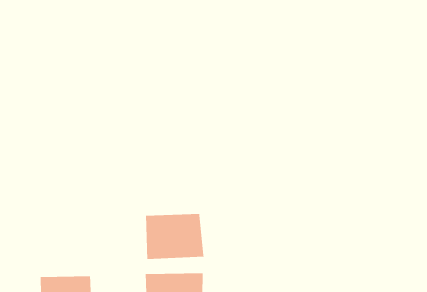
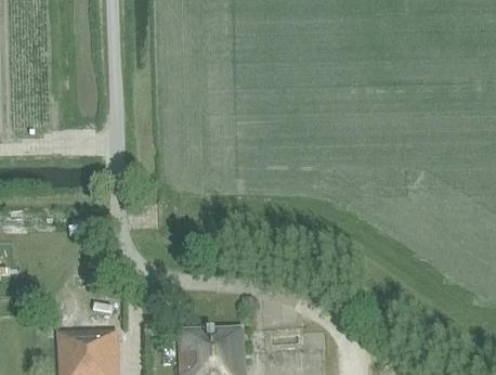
building: [145,213,204,260] -> none

